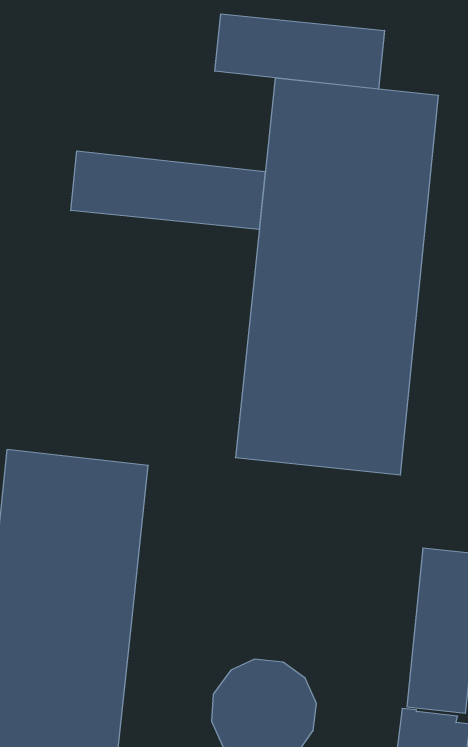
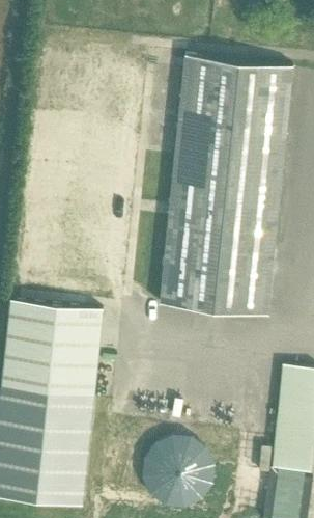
building: [215,14,384,89] -> none
building: [71,151,265,230] -> none

